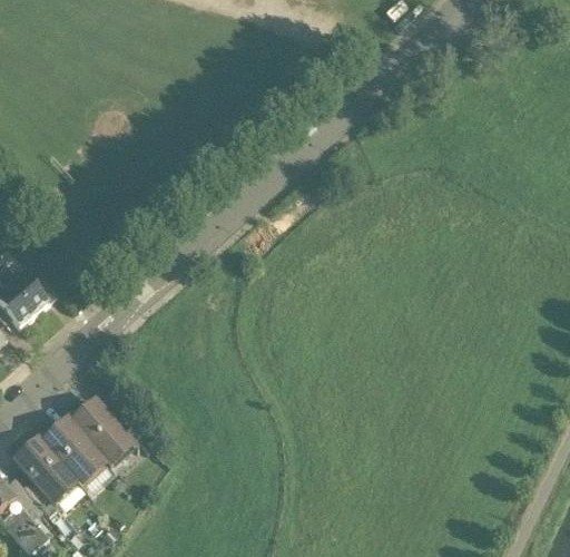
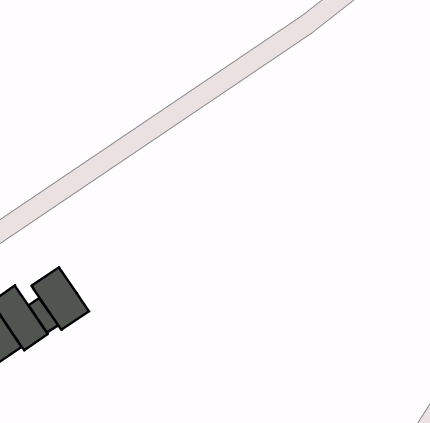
building: none -> [32,267,89,330]

